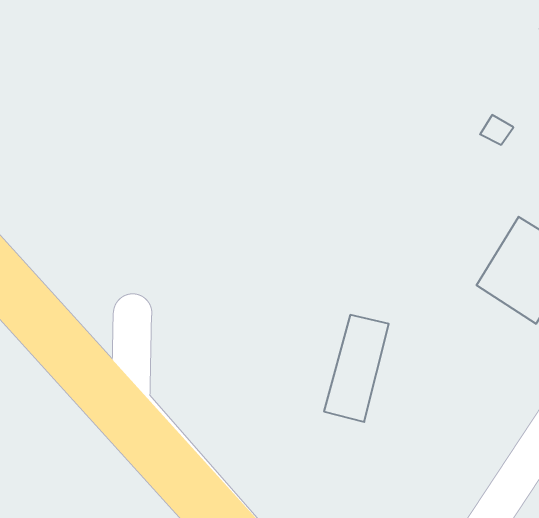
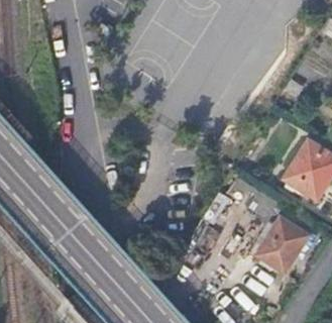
building: none -> [256,217,309,273]

